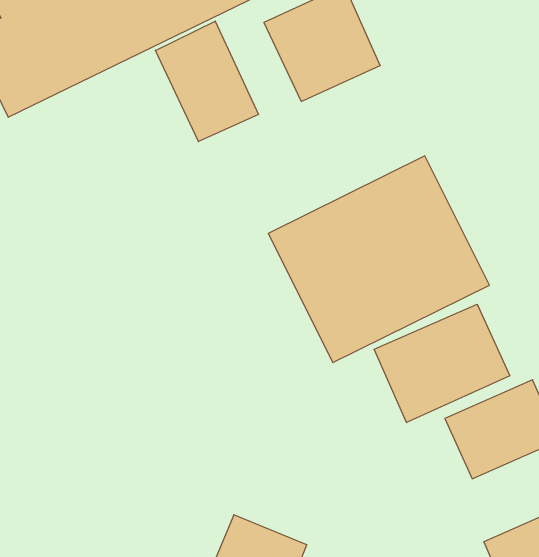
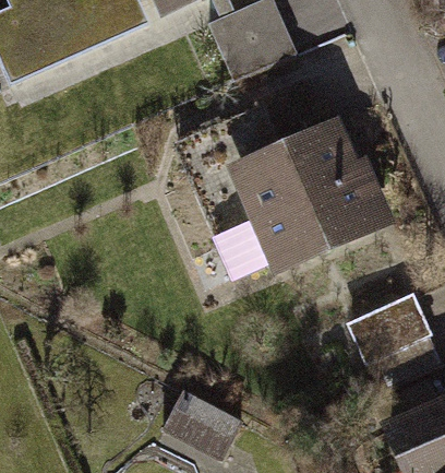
building: [155,21,259,142] -> none
building: [374,304,510,423] -> none

